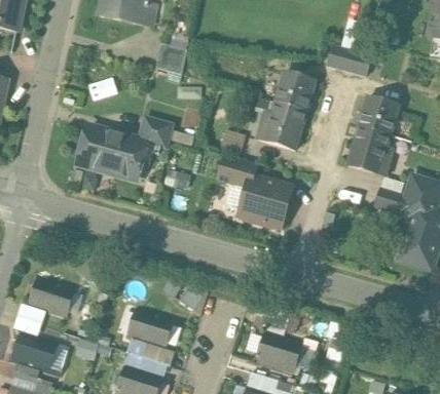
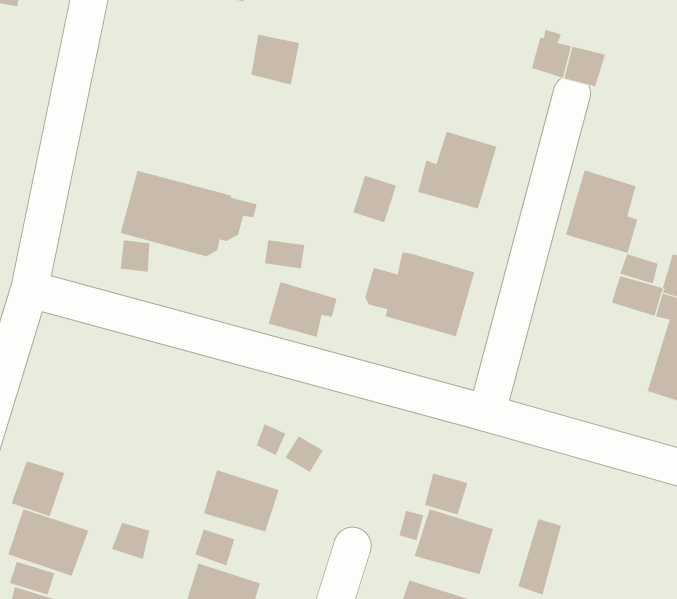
building: [276,65,315,112] -> none
building: [360,97,399,135] -> none
building: [139,117,173,149] -> none
building: [216,155,258,189] -> [268,281,338,338]
building: [29,276,76,316] -> none
building: [122,338,173,376] -> none

